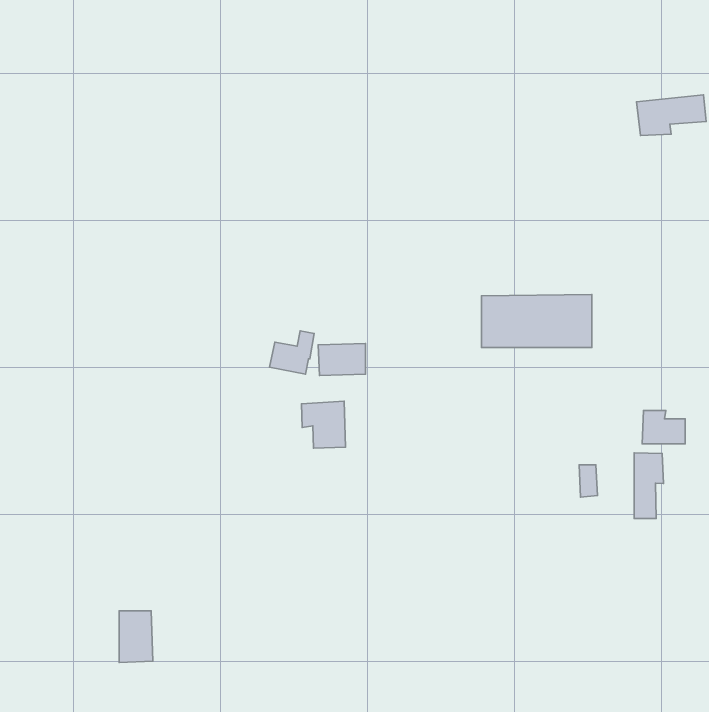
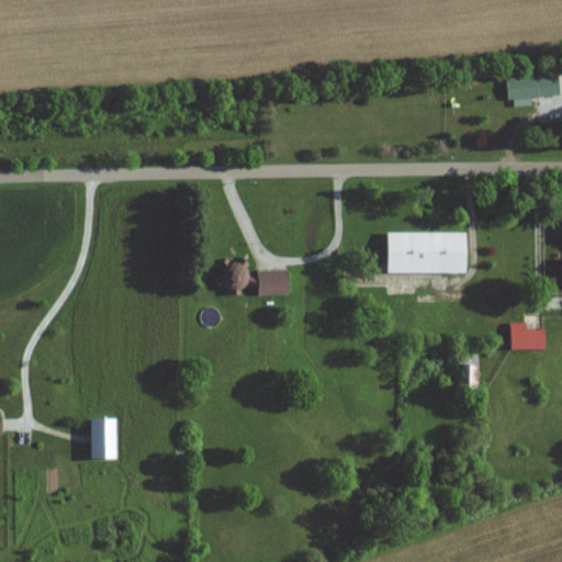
building: [302,401,346,448] -> none
building: [634,453,664,519] -> none
building: [119,611,153,663] -> [93,417,120,458]

